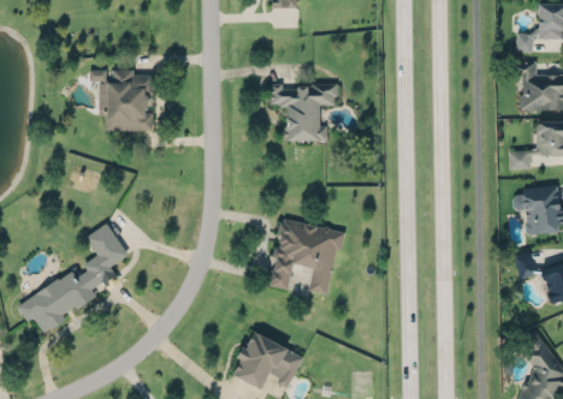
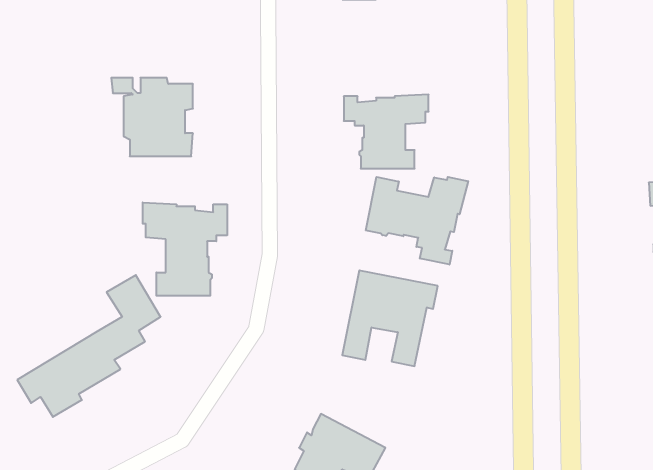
building: none -> [366,177,468,265]
building: none -> [143,202,227,296]

